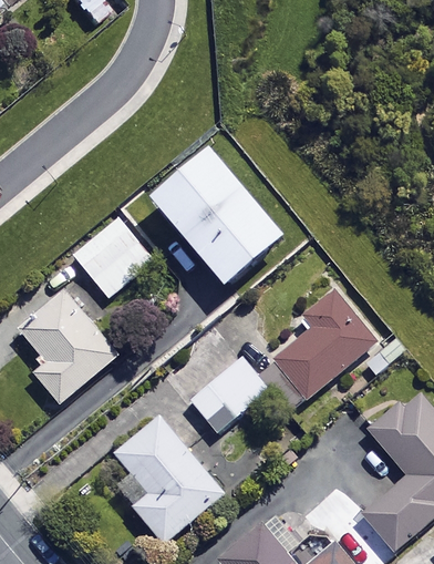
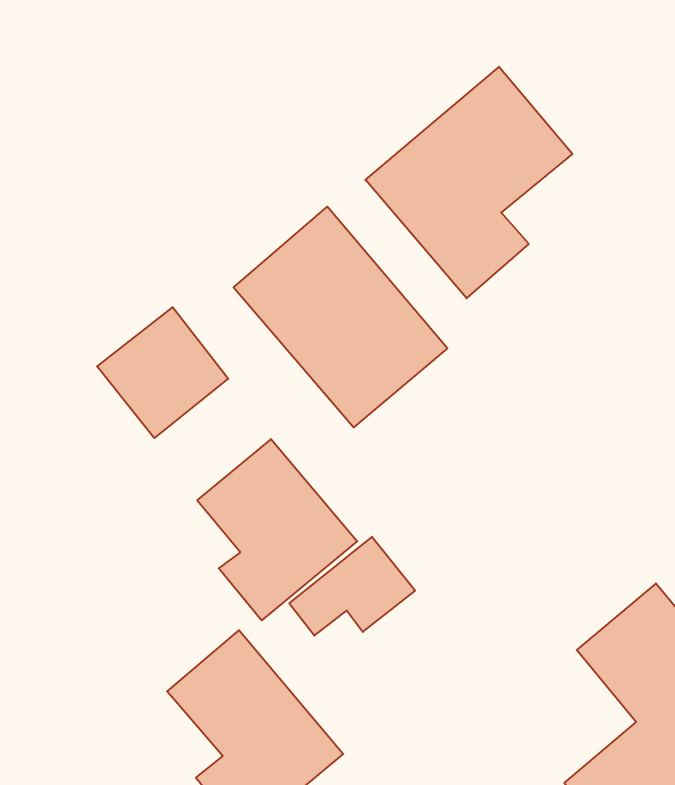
building: none -> [365,67,572,298]
building: [276,285,384,398] -> none
building: [20,291,118,403] -> [197,439,357,620]

